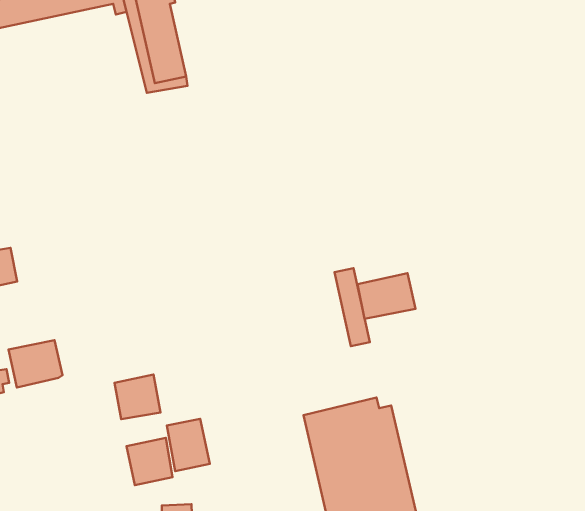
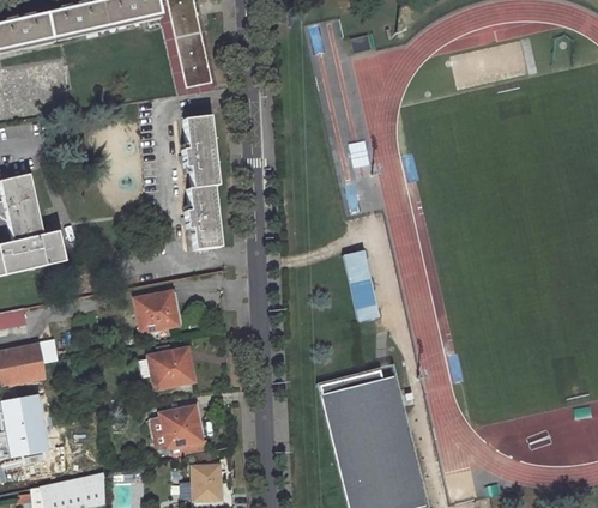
building: none -> [183,116,223,248]
building: [357,273,415,319] -> none
building: [9,340,63,387] -> [135,288,183,329]
building: [167,419,210,471] -> none

